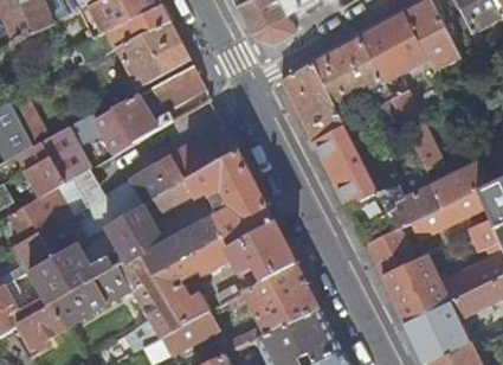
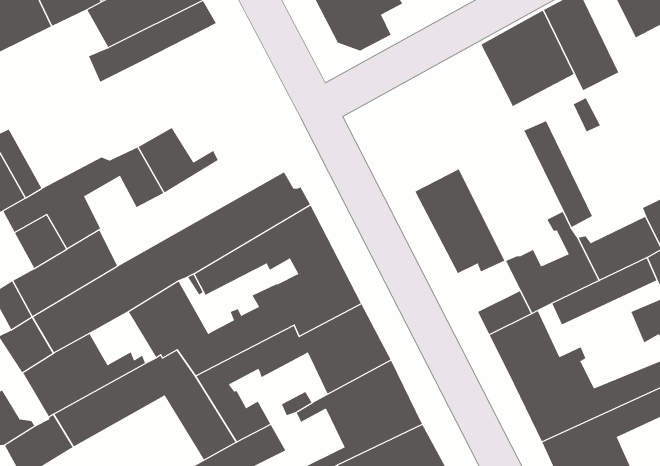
building: [117,21,191,90] -> none
building: [280,37,382,142] -> none
building: [151,66,204,109] -> none

